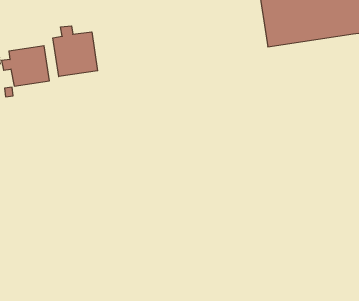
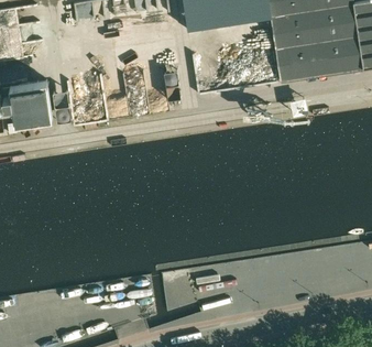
building: [53,26,98,77] -> none

